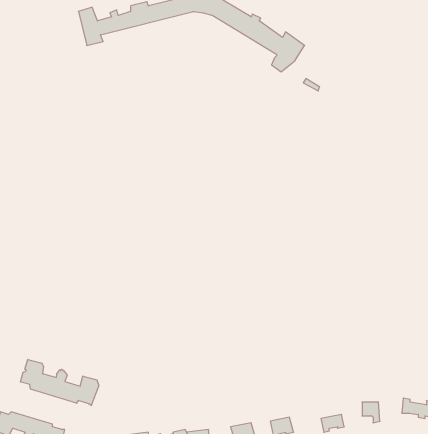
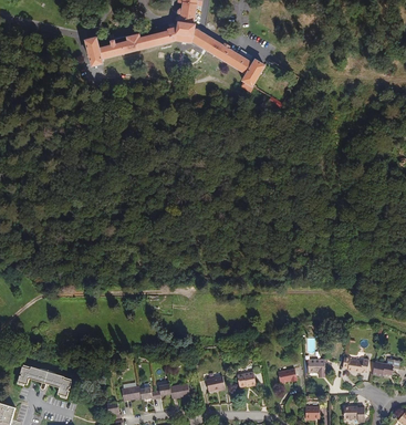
building: [20,359,99,406] -> none

